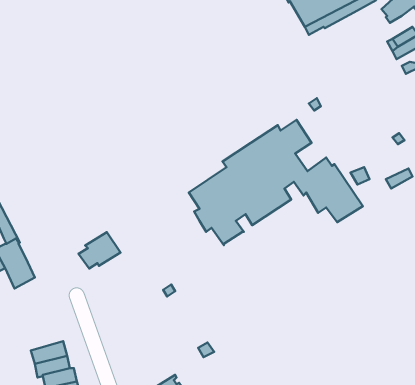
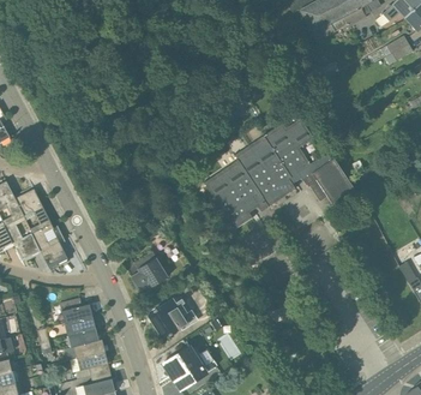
building: [79,232,120,269] -> [131,257,168,289]
building: none -> [60,297,92,323]
building: none -> [148,297,199,337]

